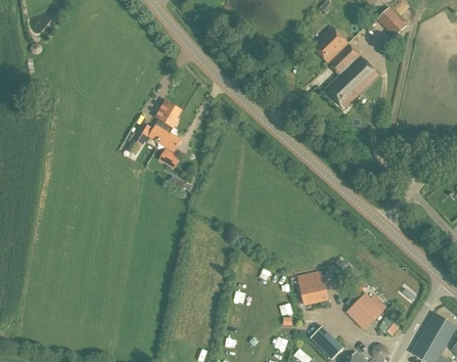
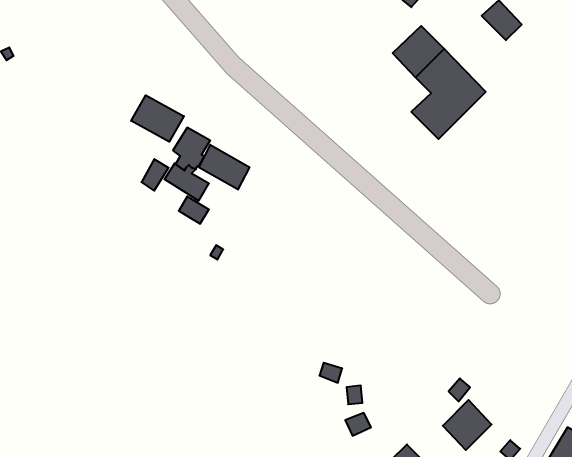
building: none -> [131,95,184,142]
building: none -> [199,145,249,190]
building: [298,271,328,304] -> none

